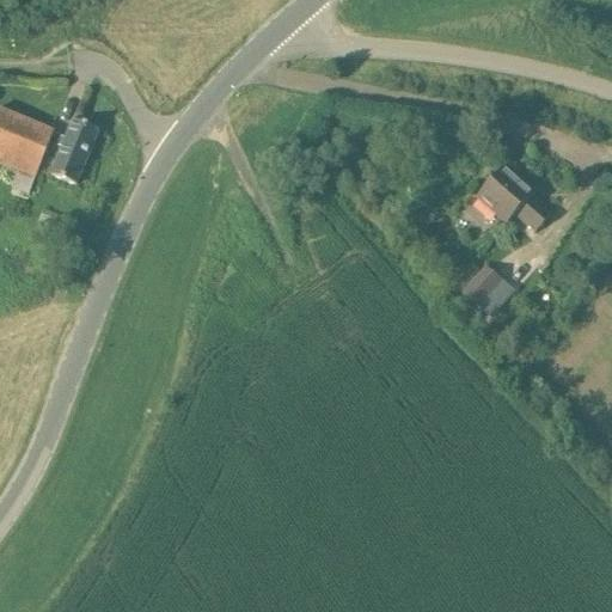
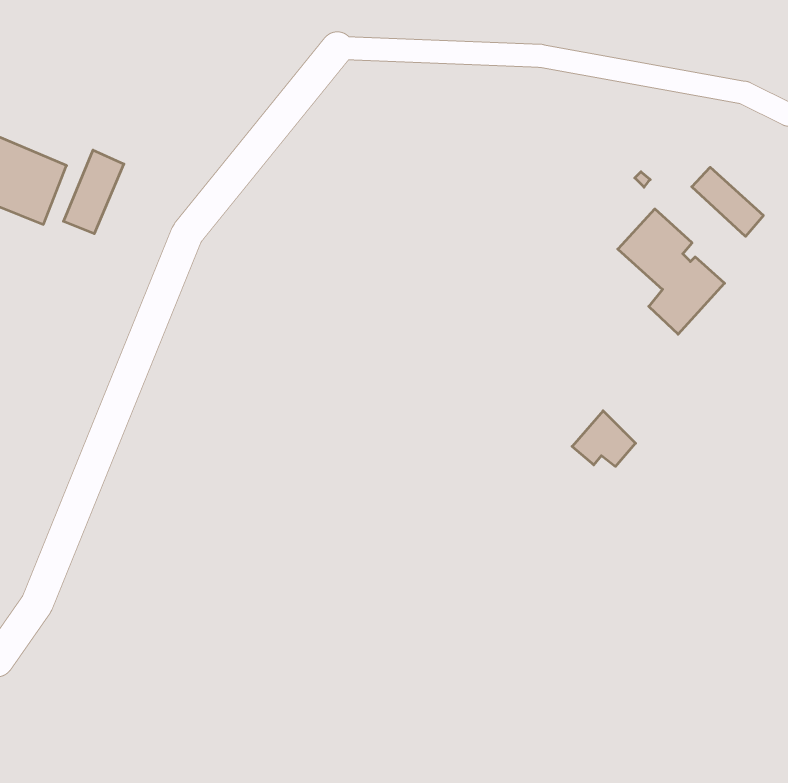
building: none -> [692,167,763,236]
building: [460,262,509,305] -> [572,411,636,466]

